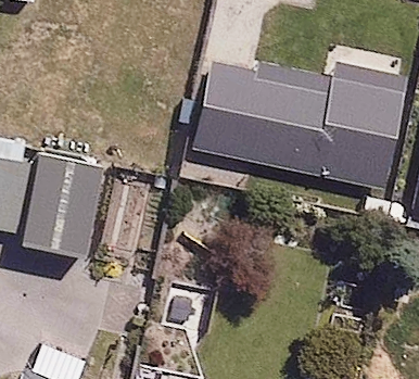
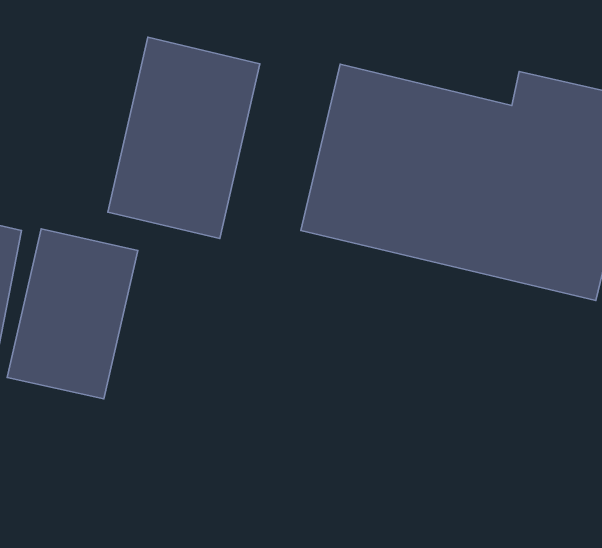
building: none -> [108,37,260,238]

